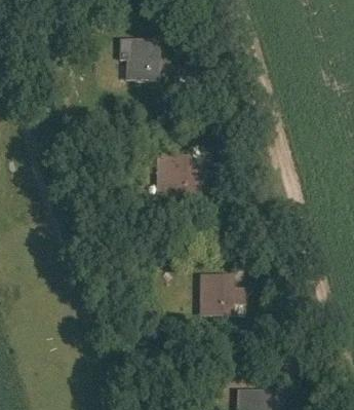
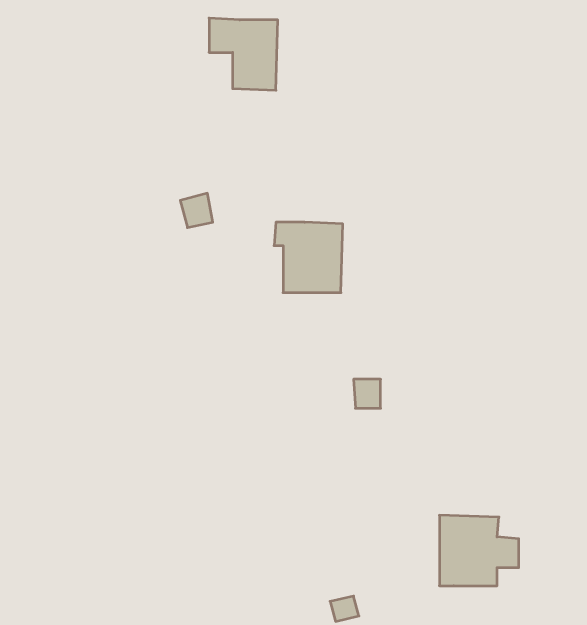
building: [201,274,246,314] -> [439,515,519,586]

